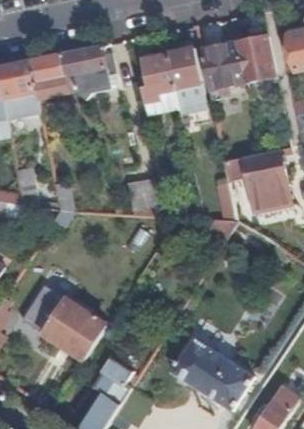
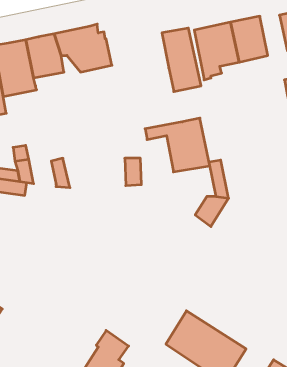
building: [140,52,174,102] -> none
building: [223,149,289,204] -> [145,118,210,172]
building: [17,287,104,363] -> none

